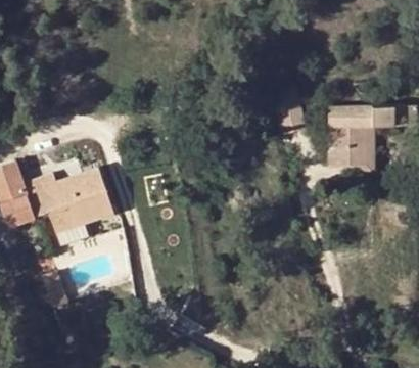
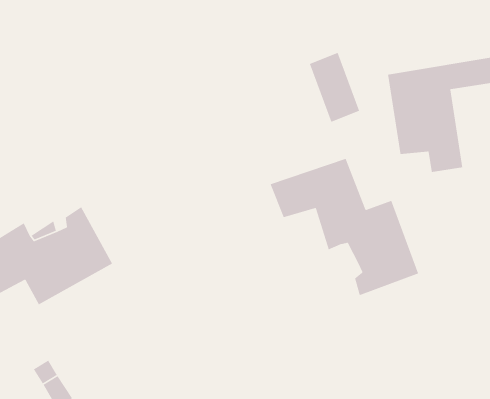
building: none -> [269,158,419,296]

